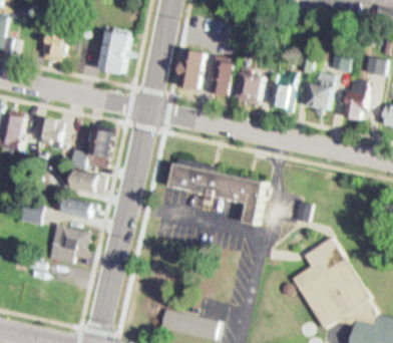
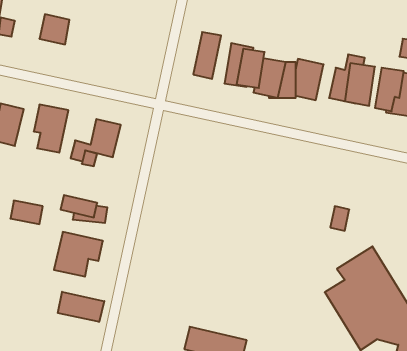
building: [94,26,128,70] -> none
building: [170,163,274,228] -> none
building: [59,165,99,195] -> none
building: none -> [58,292,104,322]

